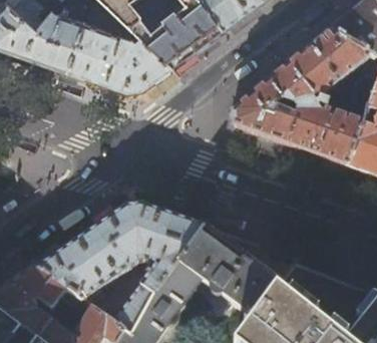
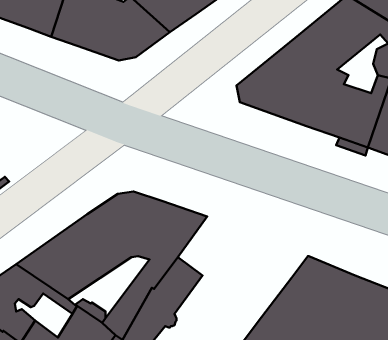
building: [179,228,281,317] -> none

